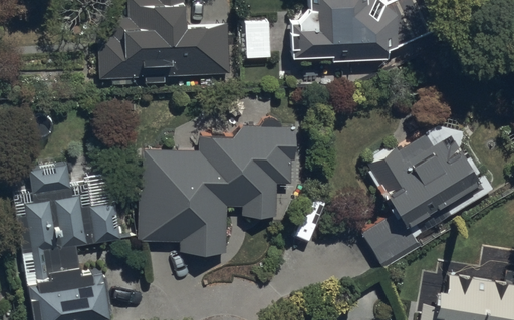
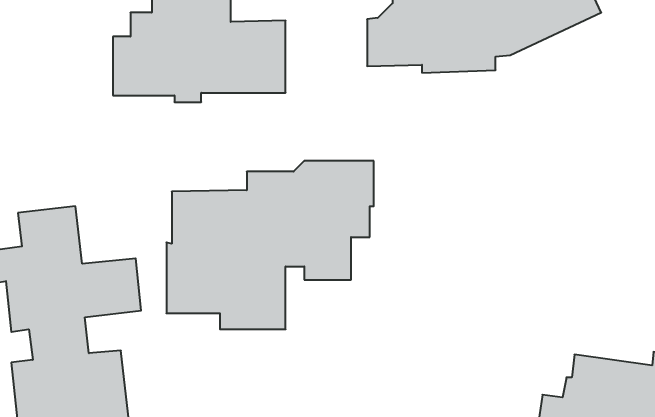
building: [362,131,494,268] -> none

